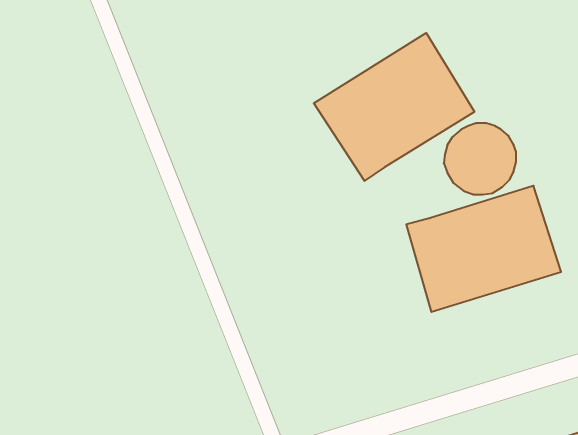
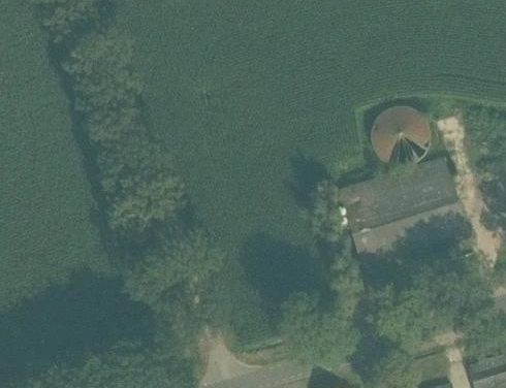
building: [314,33,474,181] -> none

